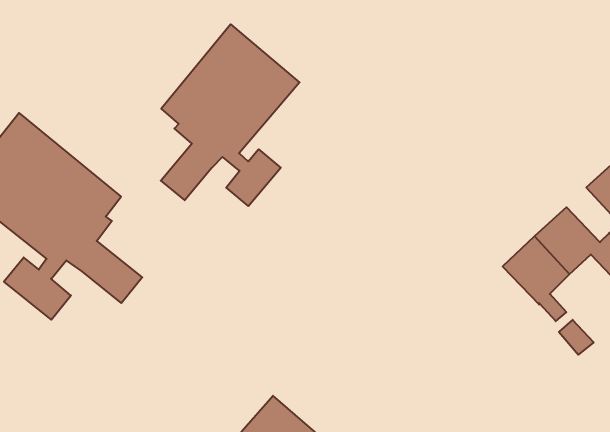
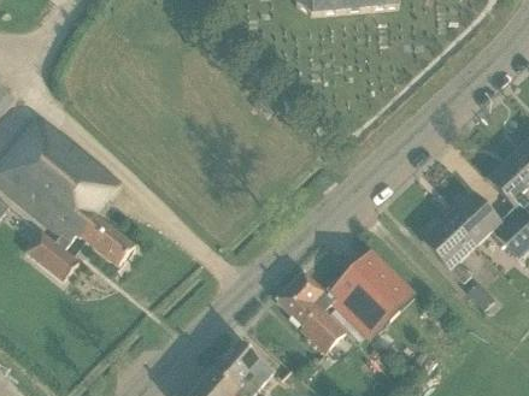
building: [161,24,300,206] -> none
building: none -> [275,252,413,353]

